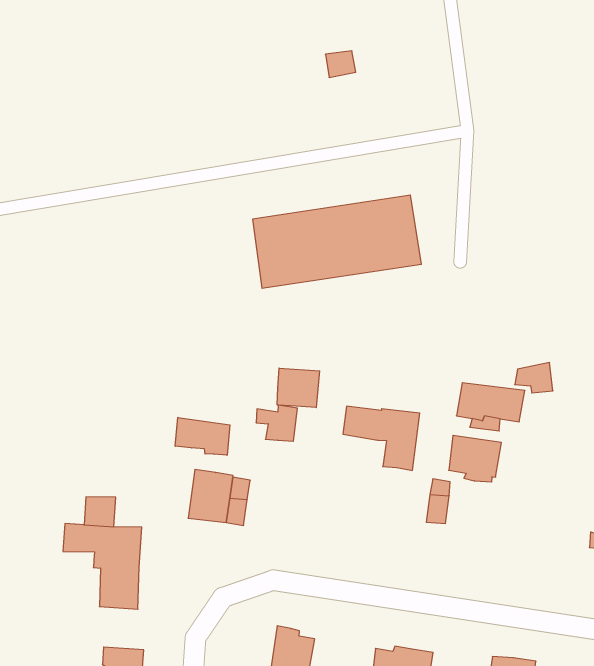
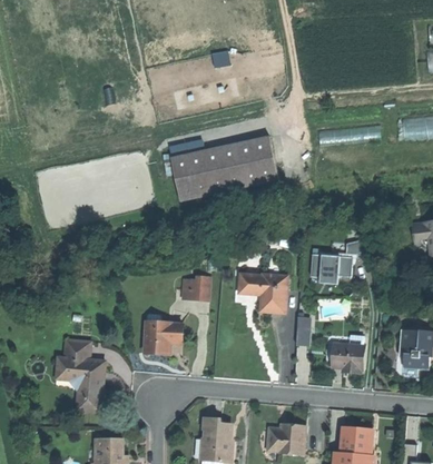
building: [277,368,320,408] -> none
building: [175,417,230,455] -> none
building: [449,435,501,482] -> [331,343,363,371]

